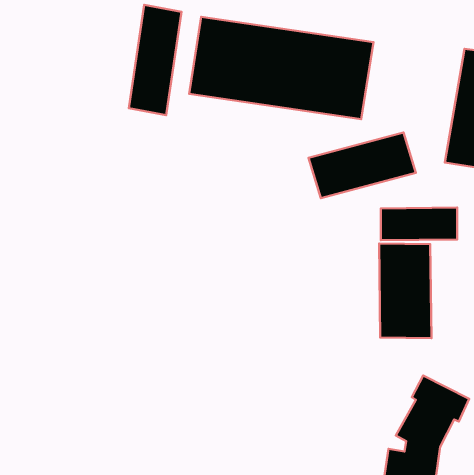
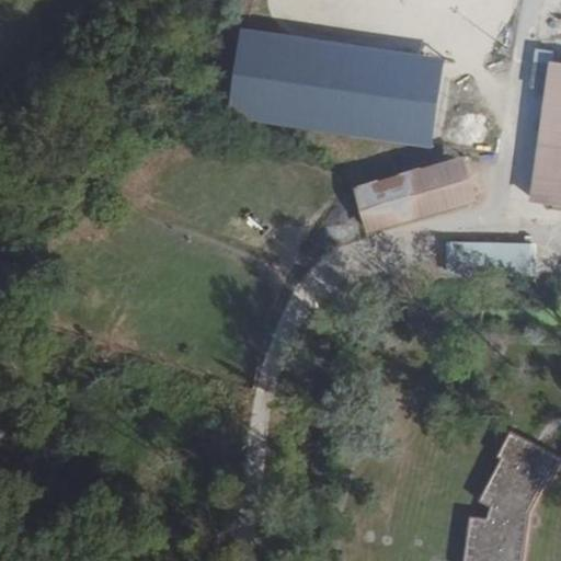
building: [129,5,181,115] -> none
building: [379,243,431,338] -> none

